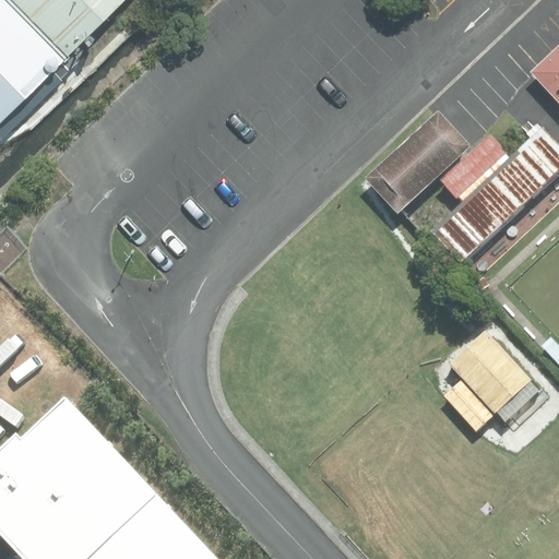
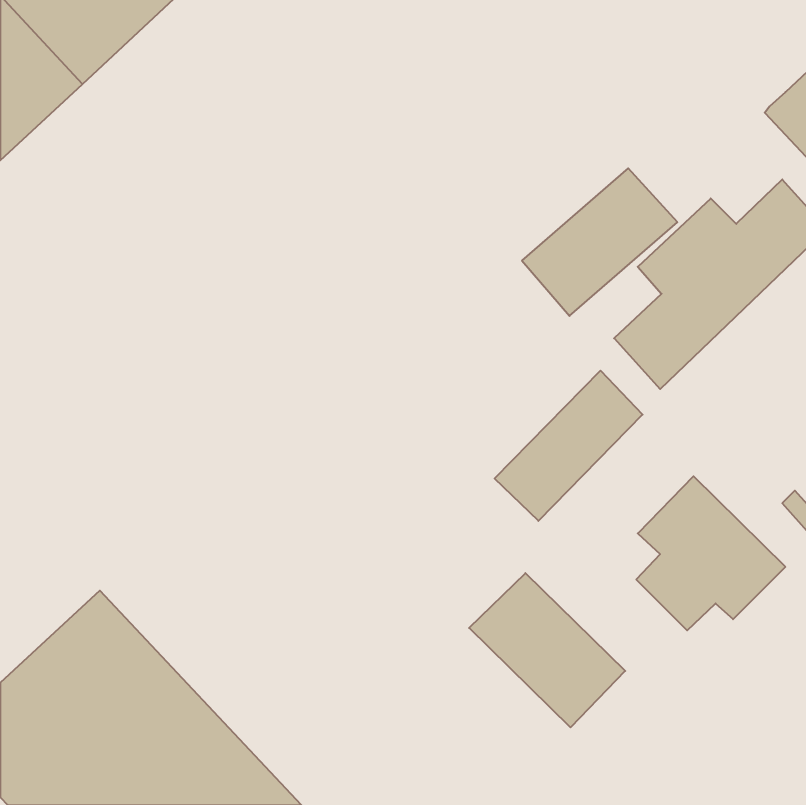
building: none -> [495,371,643,521]
building: none -> [469,573,625,727]

